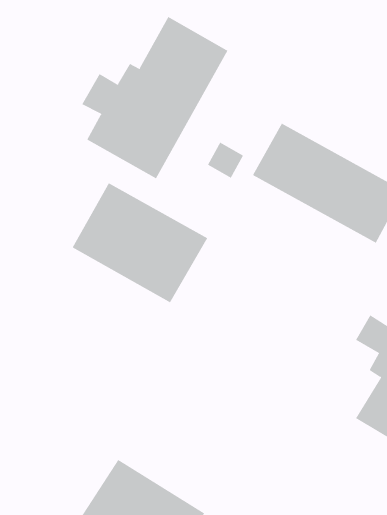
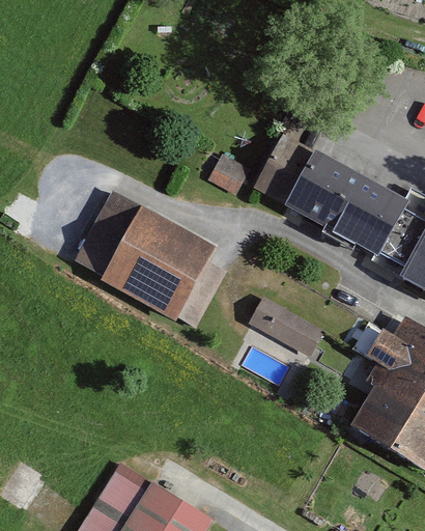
building: [81,16,228,179] -> none
building: none -> [250,296,324,355]

